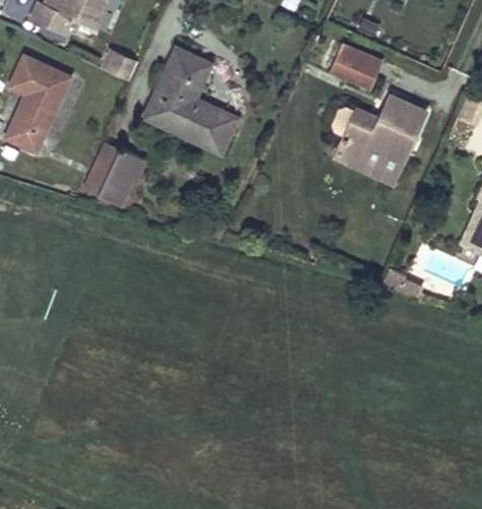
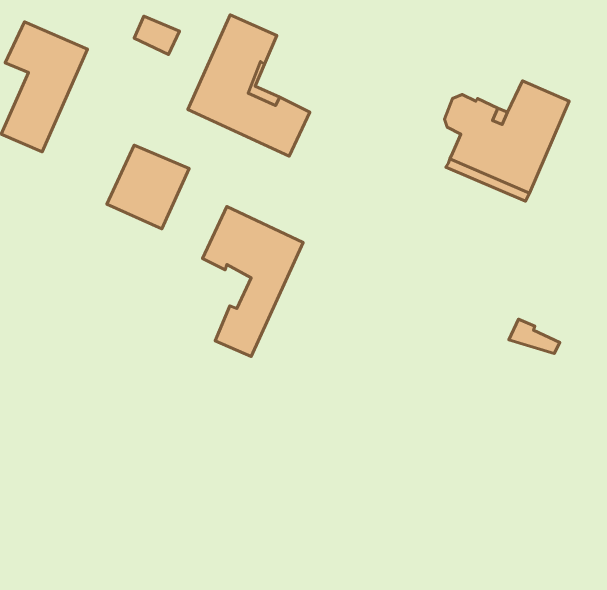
building: [329,45,382,89] -> none
building: none -> [202,207,303,357]

